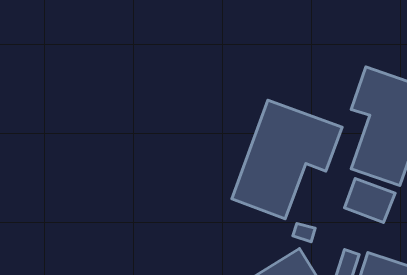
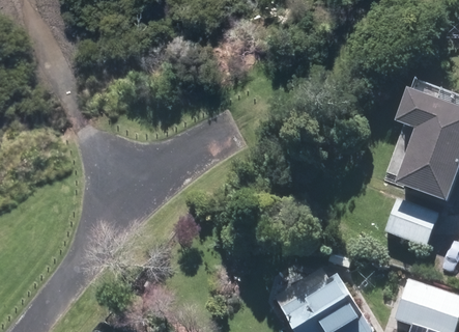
building: [232,100,342,219] -> none

